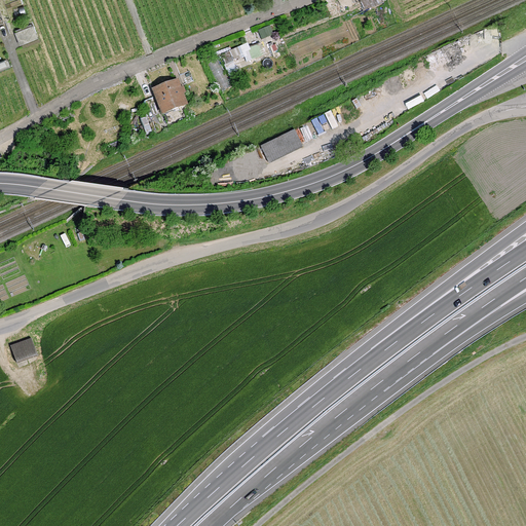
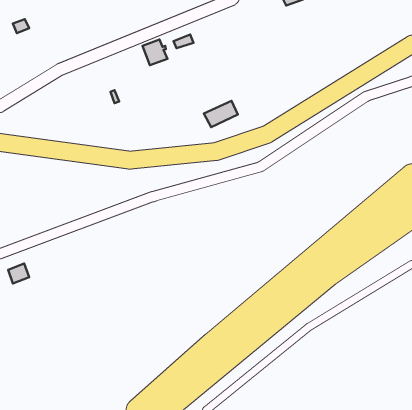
building: [154,79,186,112] -> [142,39,167,65]

